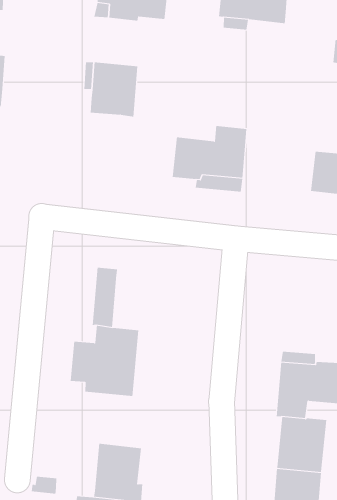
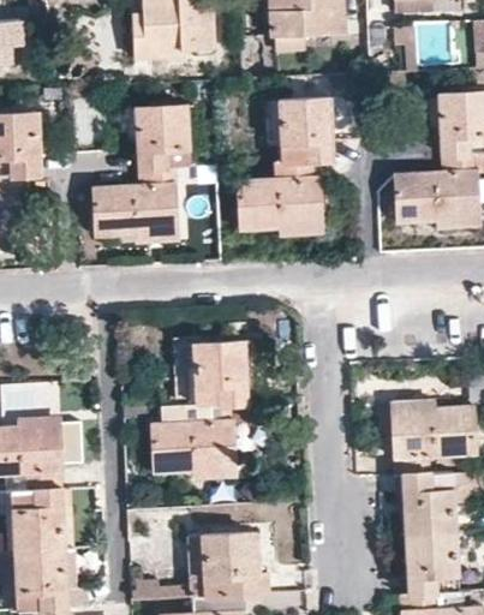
building: none -> [280,97,333,160]
building: none -> [96,163,175,232]
building: none -> [196,340,246,402]

